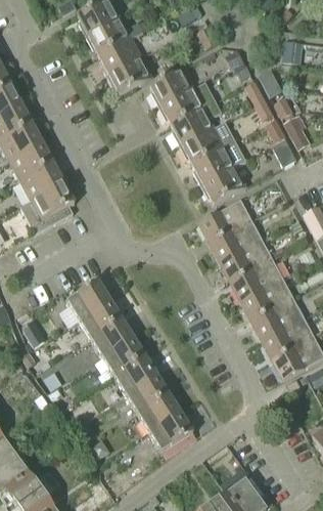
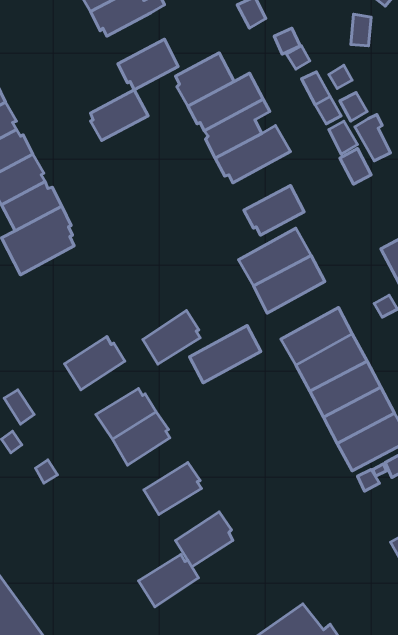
building: [98,38,141,76] -> [90,90,148,140]
building: [192,141,245,185] -> none
building: [218,239,271,282] -> [190,325,261,383]
building: [79,298,122,338] -> [143,311,200,364]
building: [113,355,158,394] -> none
building: [137,393,182,432] -> [138,555,199,607]

